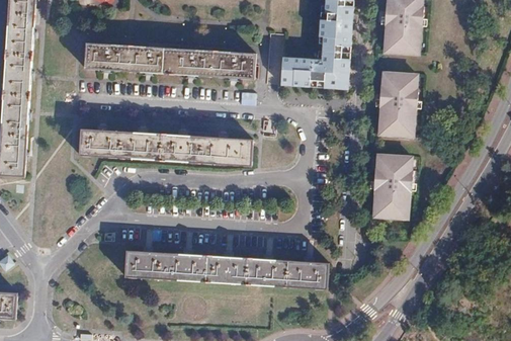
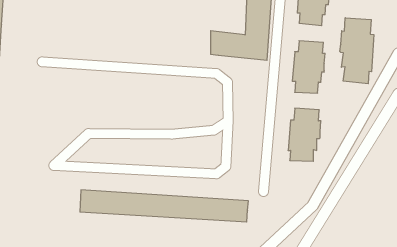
building: [83,42,254,79] -> none
building: none -> [340,18,374,84]
building: [77,129,250,166] -> none

